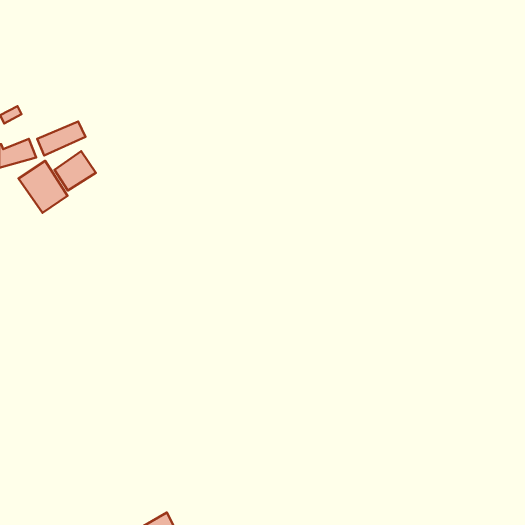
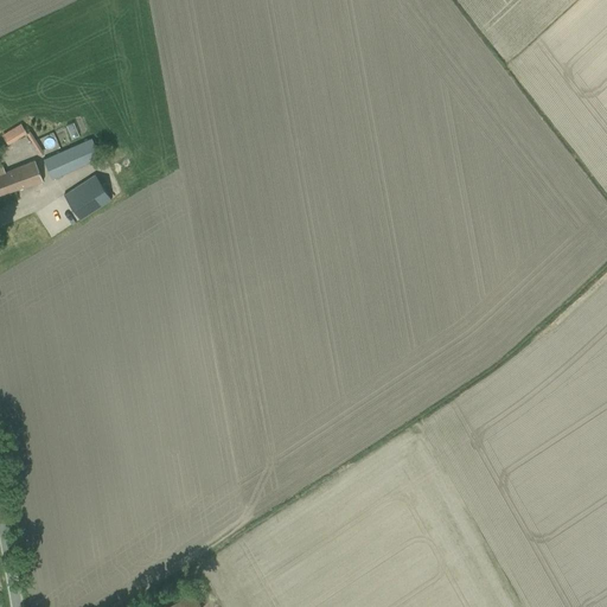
building: [18,161,67,213] -> none

